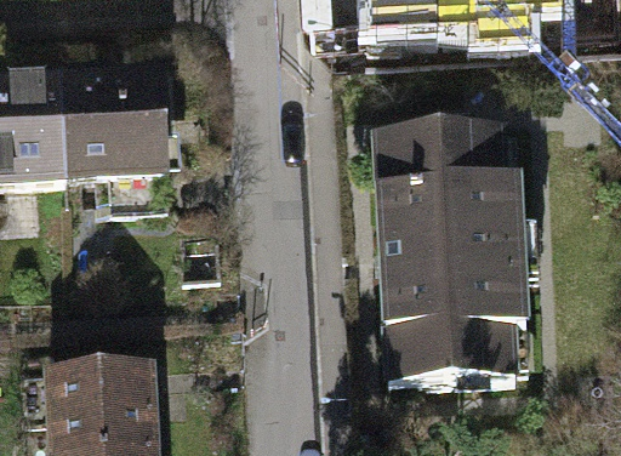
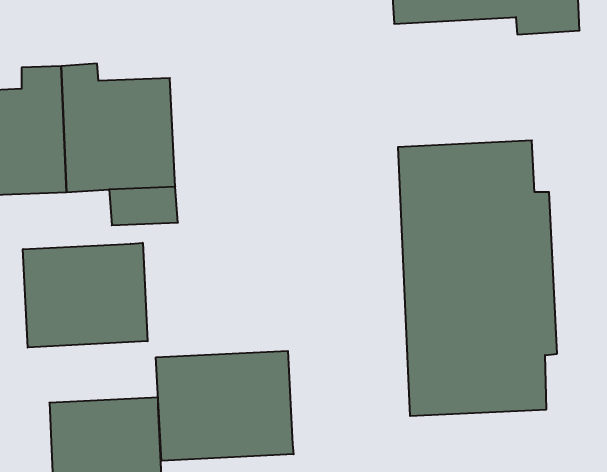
building: none -> [23,243,148,348]
building: none -> [156,351,294,461]

